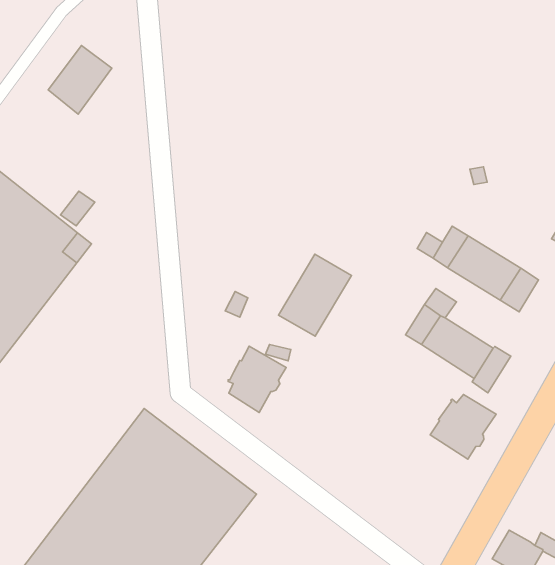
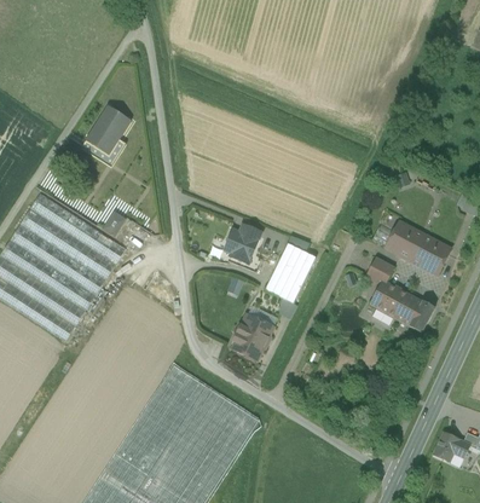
building: none -> [224,225,261,264]
building: [430,395,496,459] -> none

